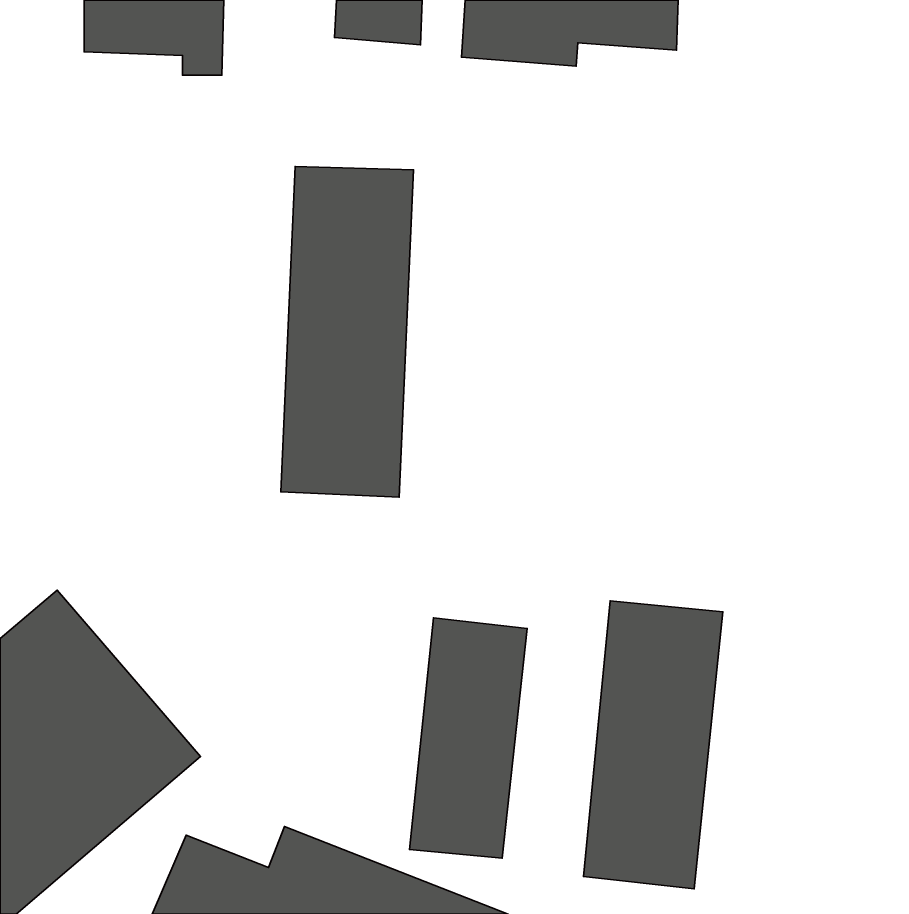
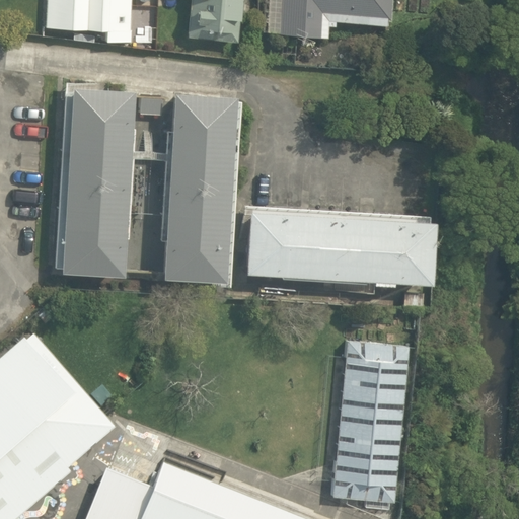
building: none -> [56,88,132,276]
building: none -> [242,204,430,287]
building: [409,618,527,858] -> none

